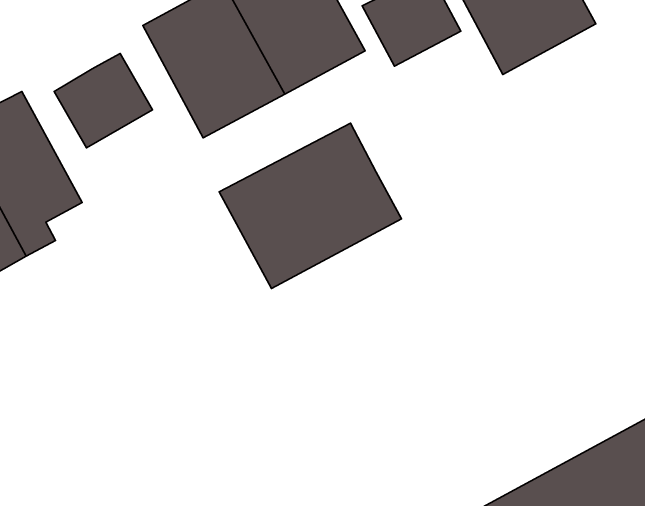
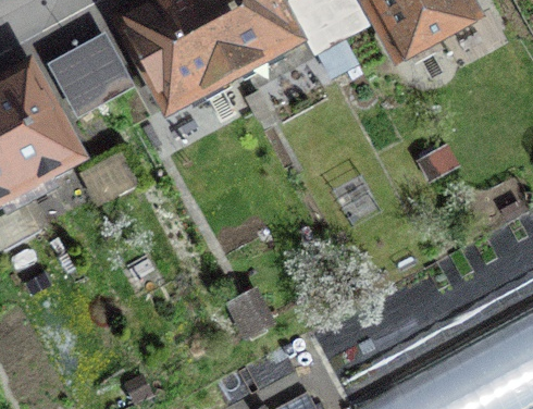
building: [219,123,401,289] -> none

